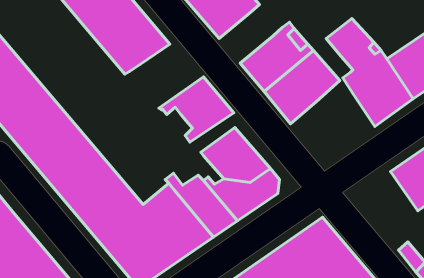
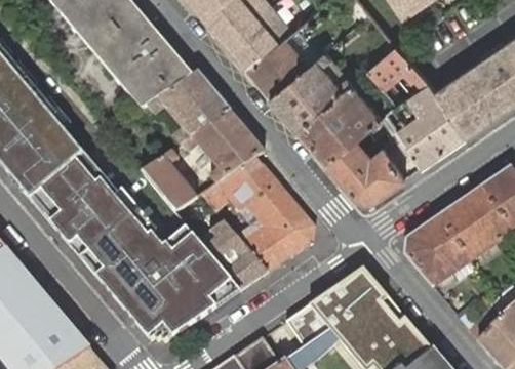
building: none -> [248,30,319,96]
building: none -> [148,72,231,147]
building: none -> [328,139,406,200]
building: none -> [143,151,197,212]
building: none -> [203,152,266,210]
building: none -> [406,217,471,287]

